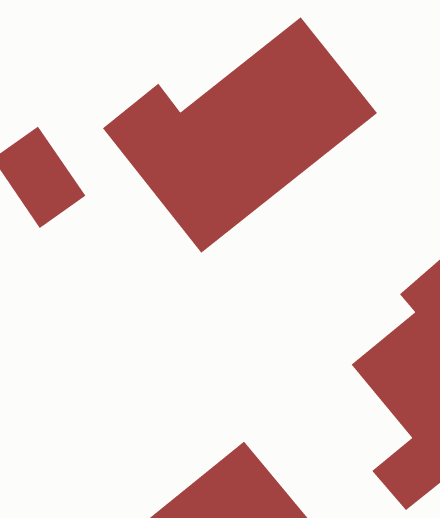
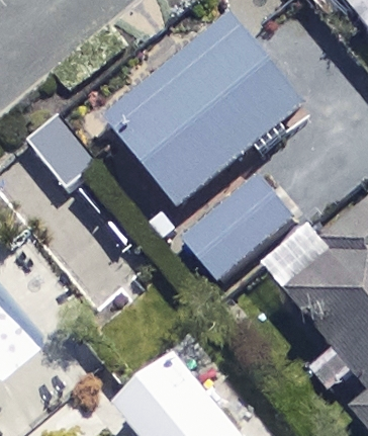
building: none -> [180,173,291,280]

